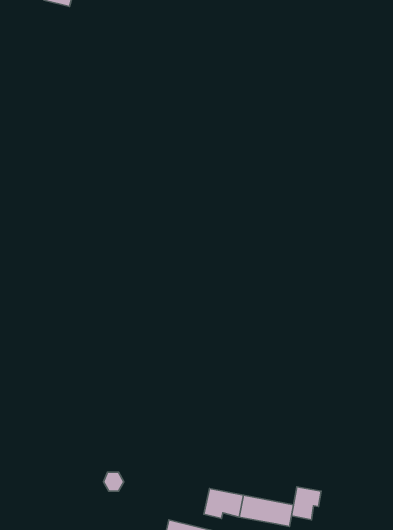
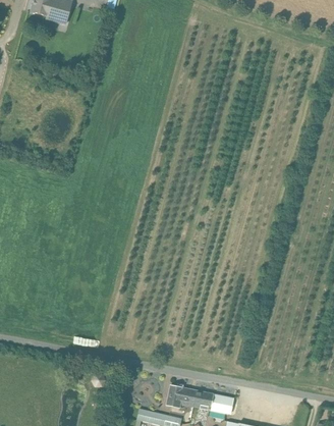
building: [291,487,321,520] -> none

